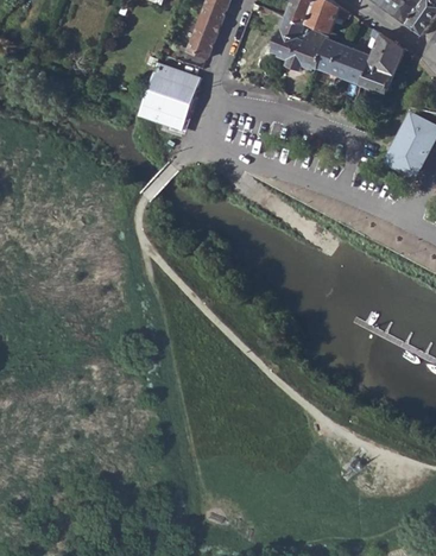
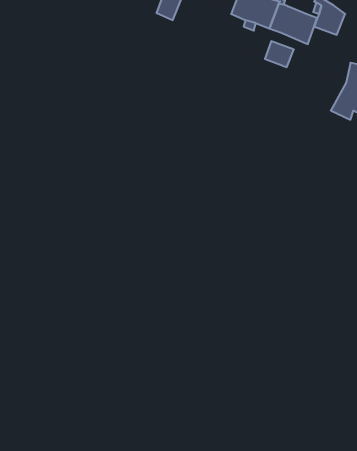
building: [137,62,200,127] -> none
building: [360,64,393,94] -> [265,41,294,67]

